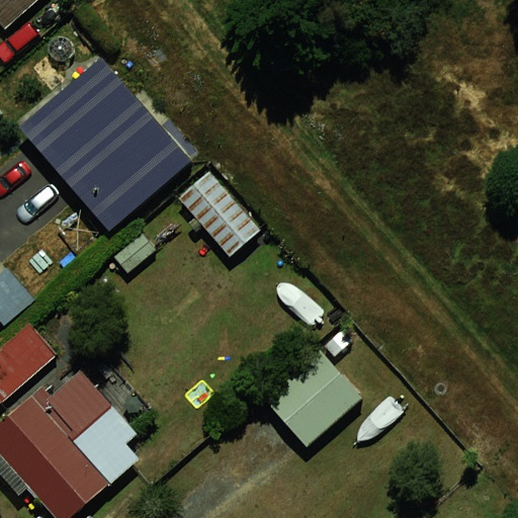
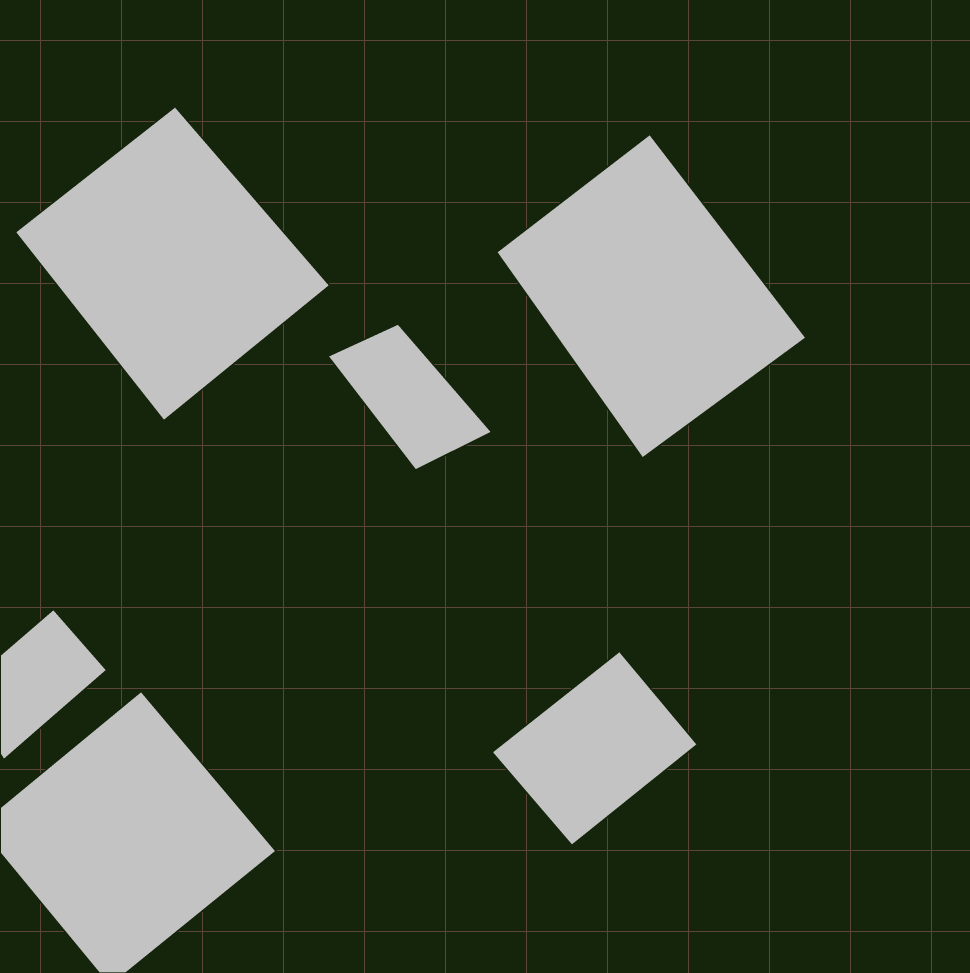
building: none -> [497,134,806,458]

